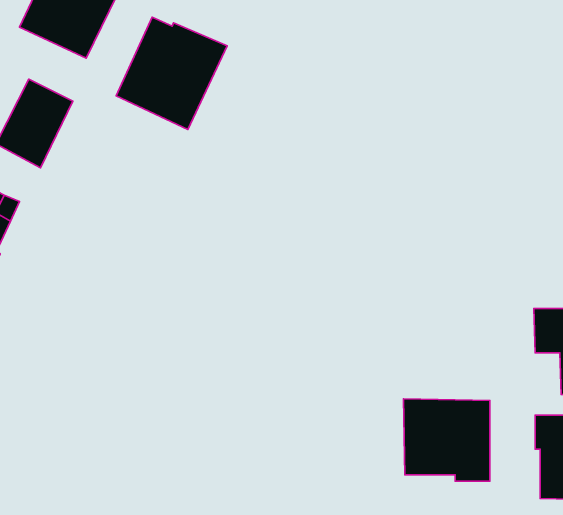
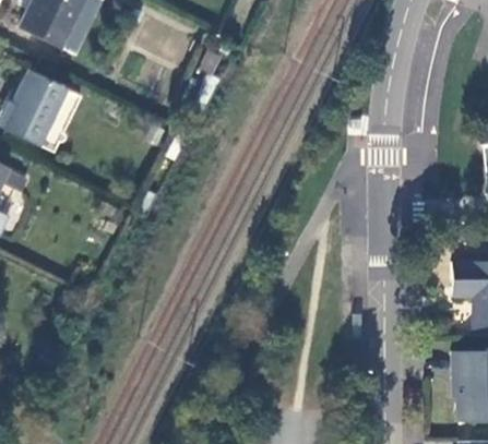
building: [116,17,227,130] -> none
building: [404,399,490,481] -> none

